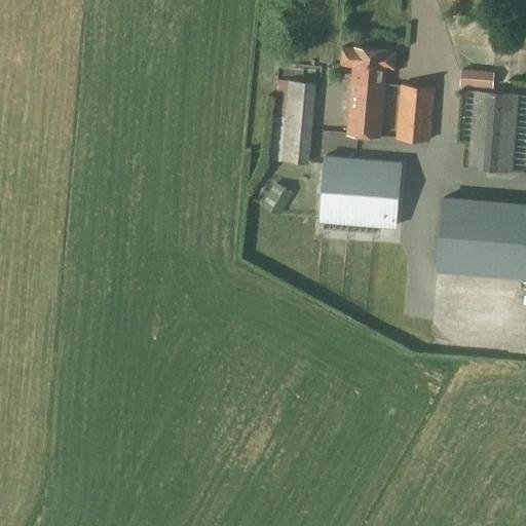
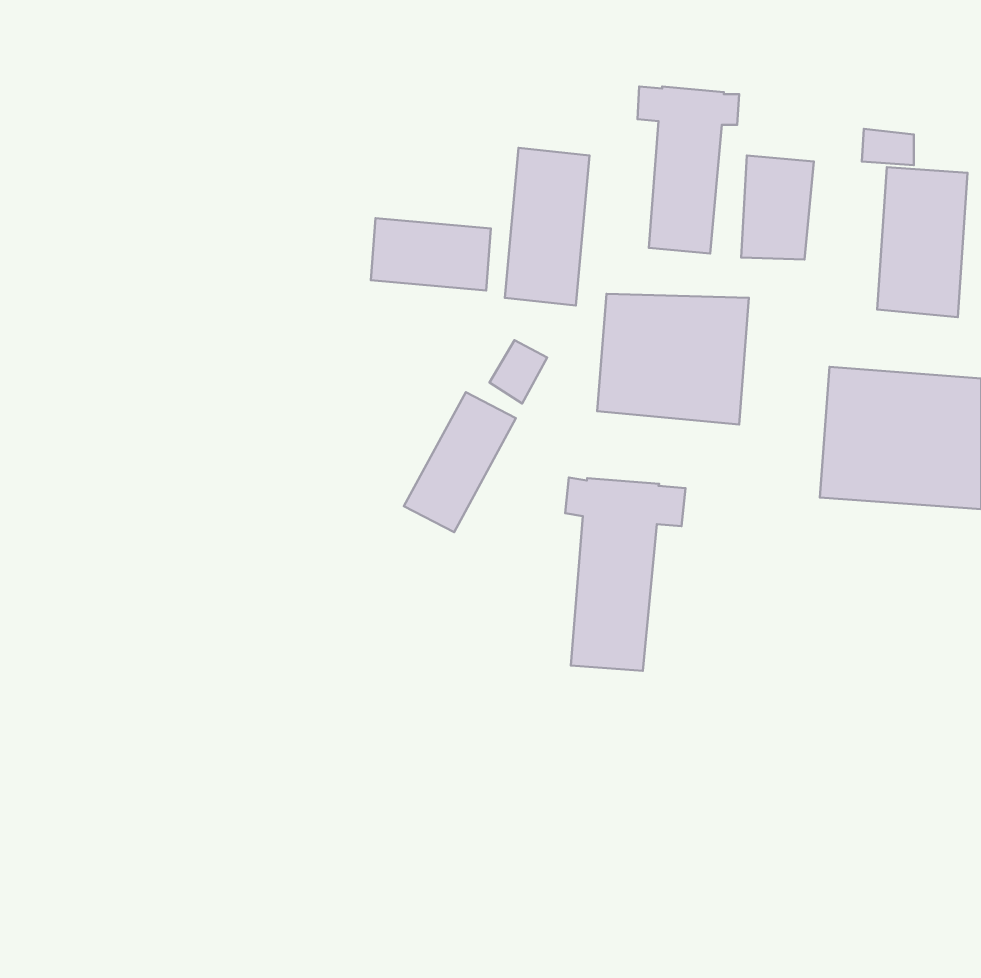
building: none -> [371,218,491,291]
building: none -> [404,392,516,532]
building: none -> [565,478,686,671]

